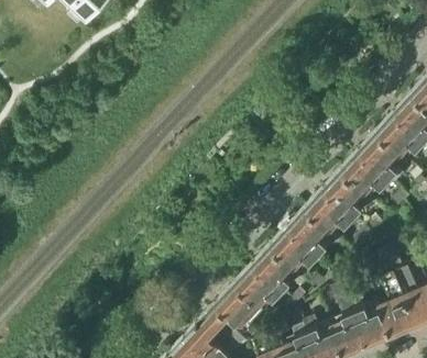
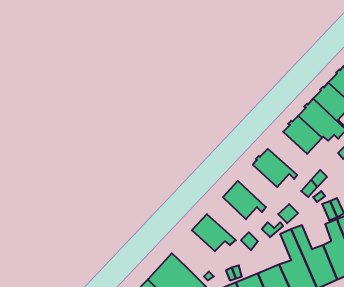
building: [318,177,365,224] -> none
building: [285,213,328,259] -> none
building: [251,248,294,295] -> none
building: [212,284,260,326] -> none

